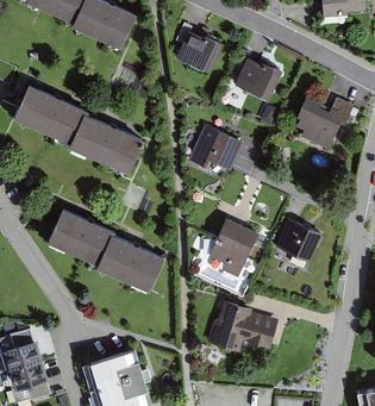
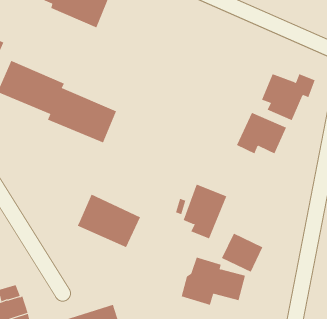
building: [176,32,224,76] -> none
building: [233,58,282,102] -> none
building: [189,123,244,168] -> [236,112,287,154]
building: [48,205,113,262] -> none
building: [276,220,321,263] -> [221,233,263,273]

